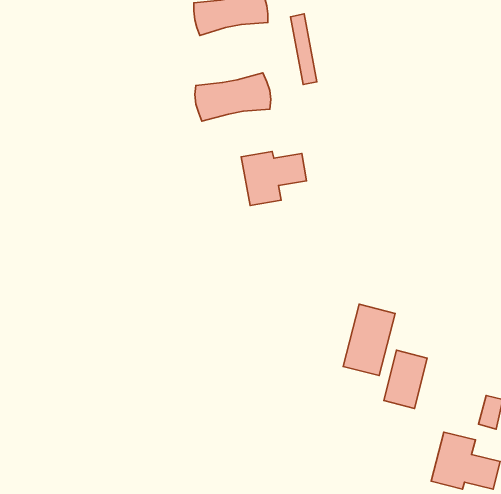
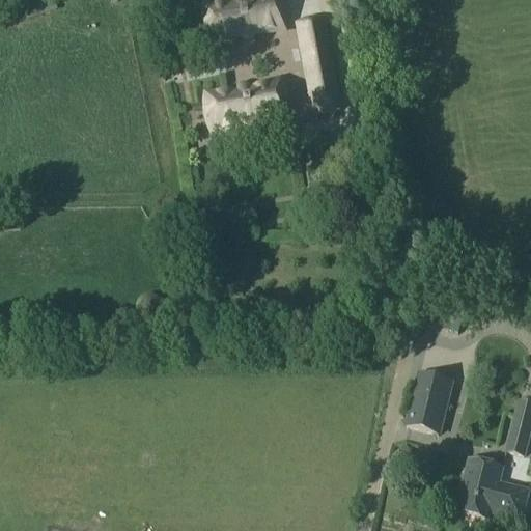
building: [241,151,307,206] -> none
building: [343,304,395,376] -> none

